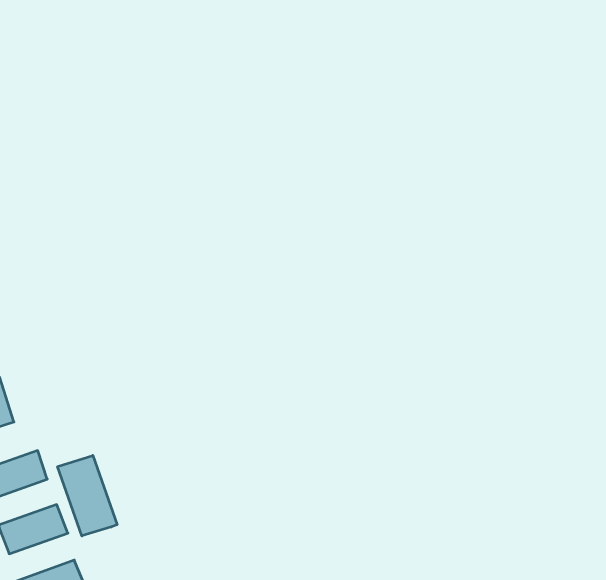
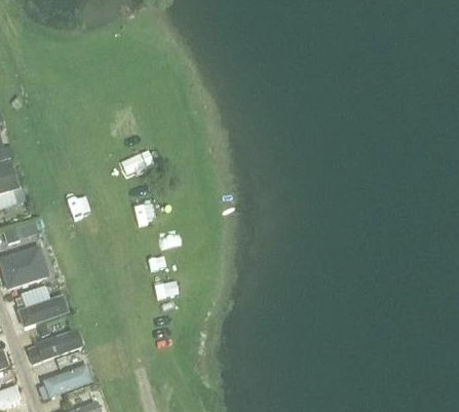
building: [58,455,117,536] -> none

